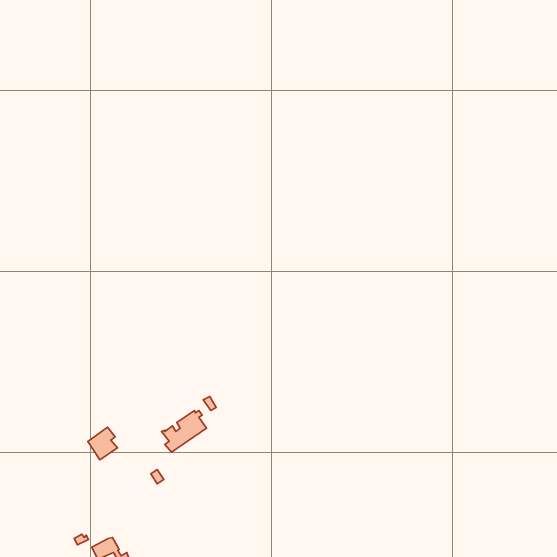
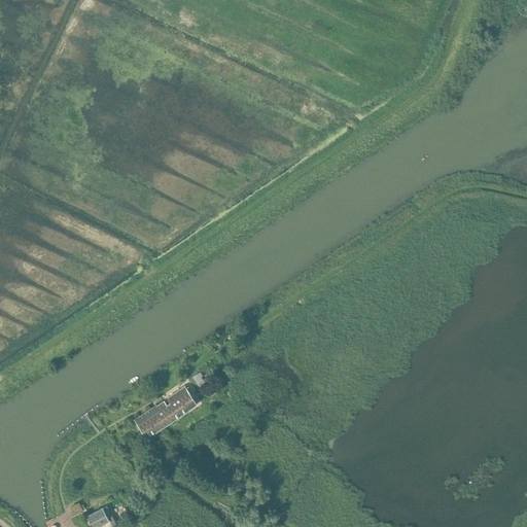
building: [88,427,117,460] -> [134,408,162,438]

